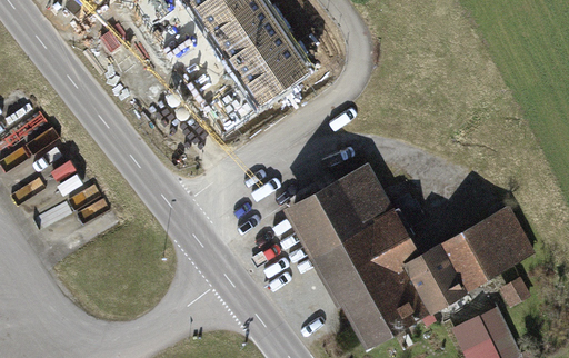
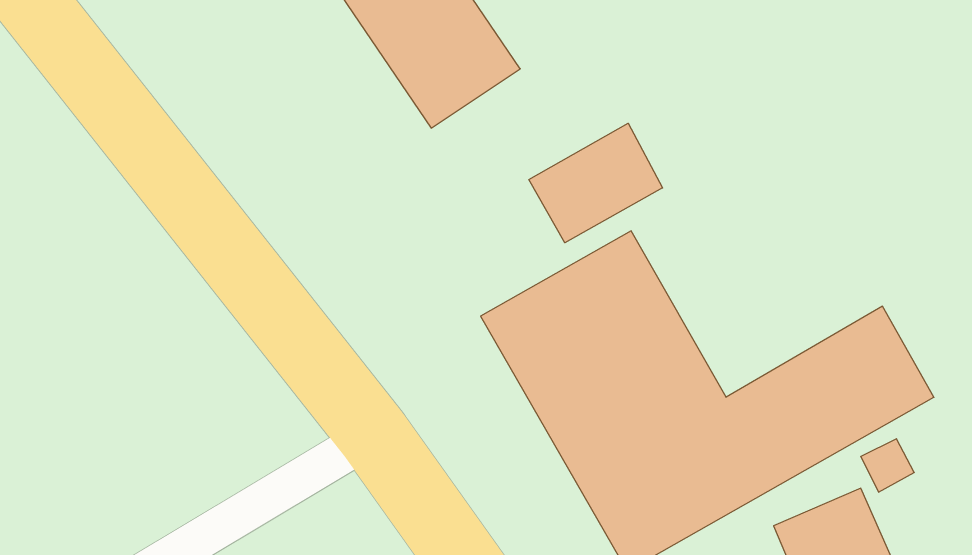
building: none -> [529,123,663,243]

